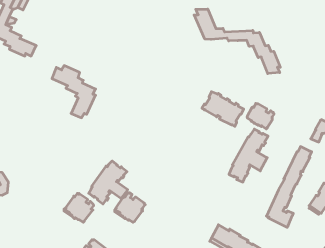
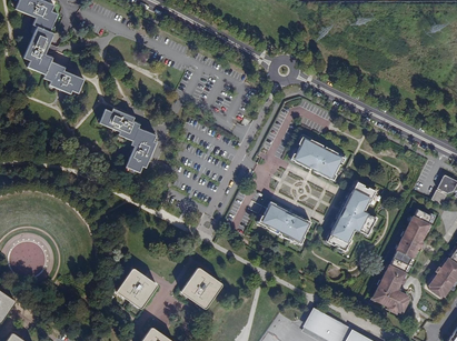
building: [194,9,280,74] -> none
building: [247,103,274,129] -> none
building: none -> [258,202,310,245]
building: [89,161,128,204] -> none

